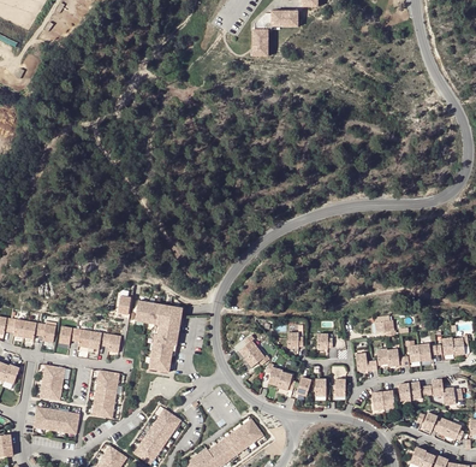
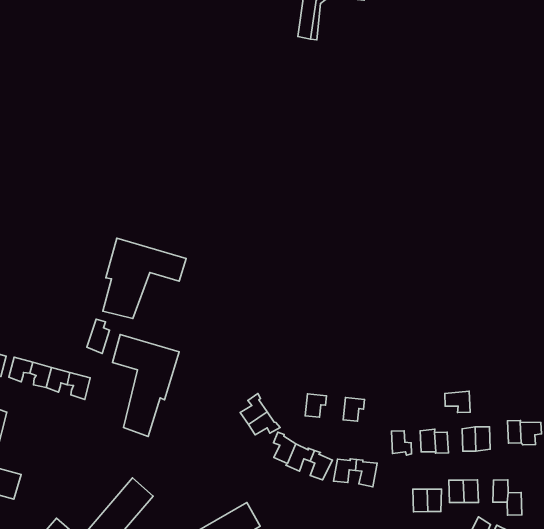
building: none -> [103,238,186,318]
building: [89,368,117,418] -> none

